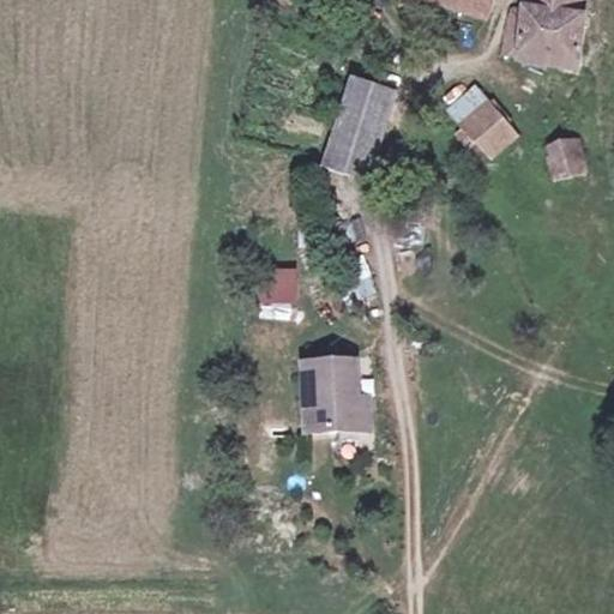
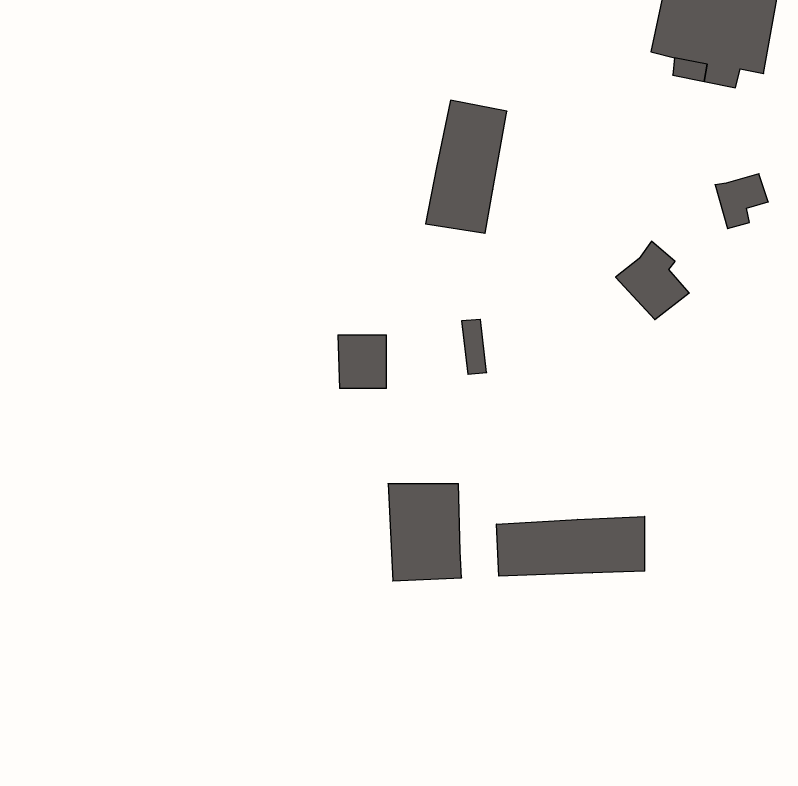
building: [462,92,518,152] -> [616,241,689,320]
building: none -> [497,516,645,576]

